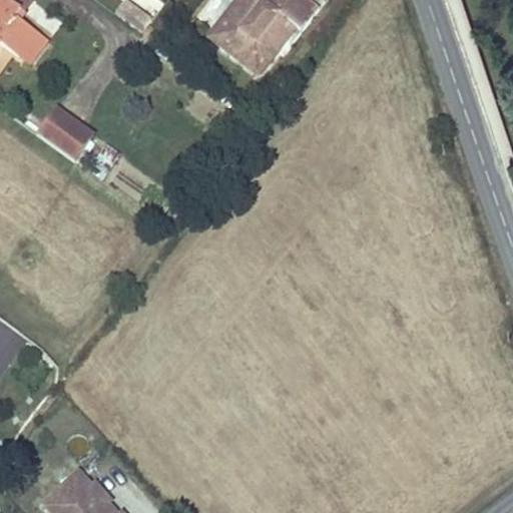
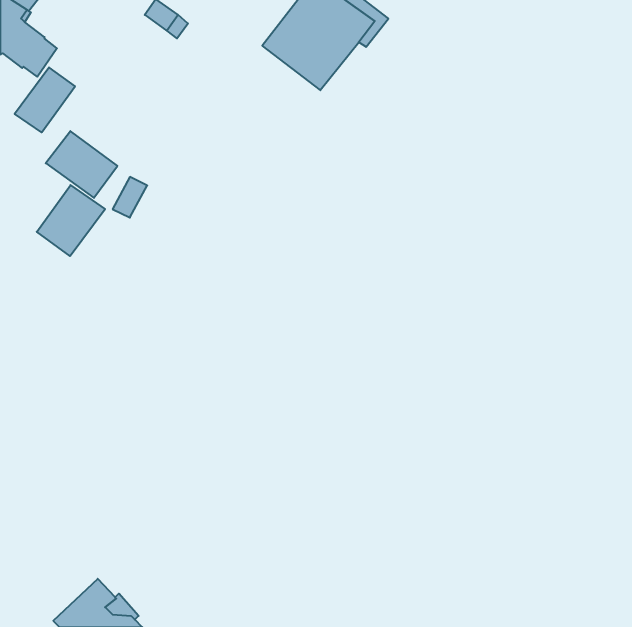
building: none -> [15,67,75,132]
building: none -> [37,185,105,256]

